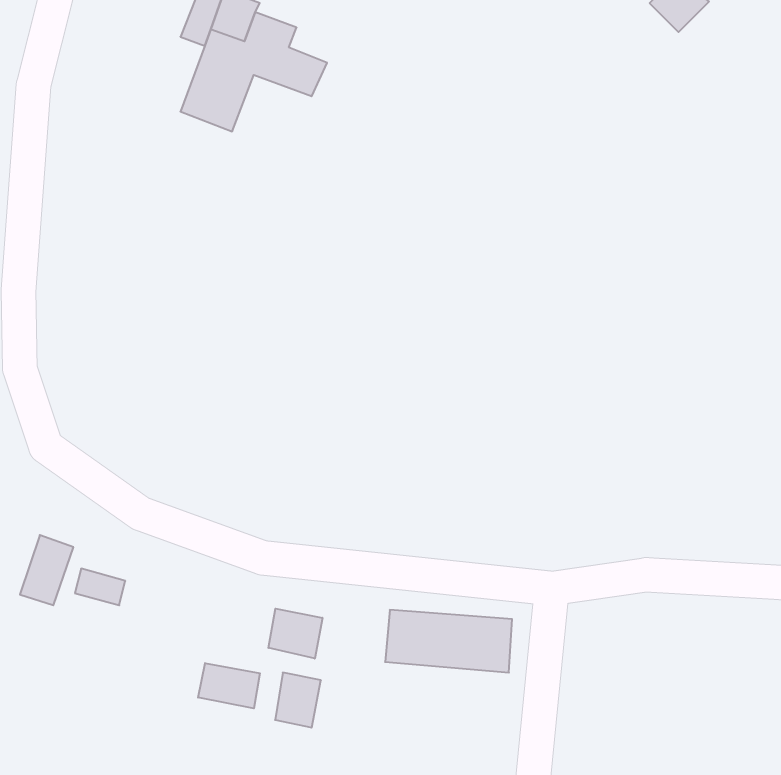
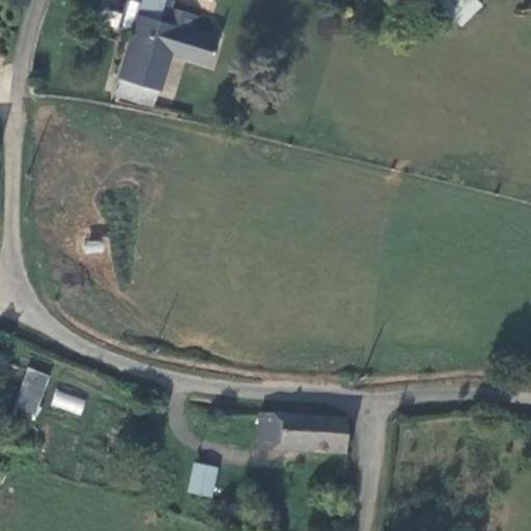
building: [268,609,322,659] -> none
building: [198,663,260,708] -> none

